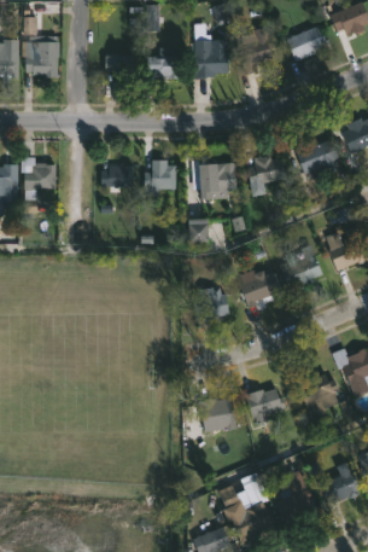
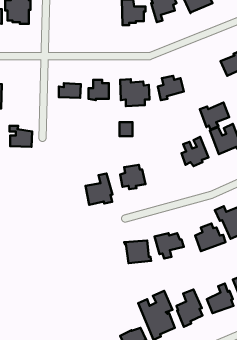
building: [147,48,179,85] -> none
building: [105,53,135,82] -> none
building: [294,138,338,178] -> [200,103,229,129]
building: [22,157,56,188] -> [9,126,32,147]
building: [240,269,280,307] -> none
building: none -> [85,174,112,205]

